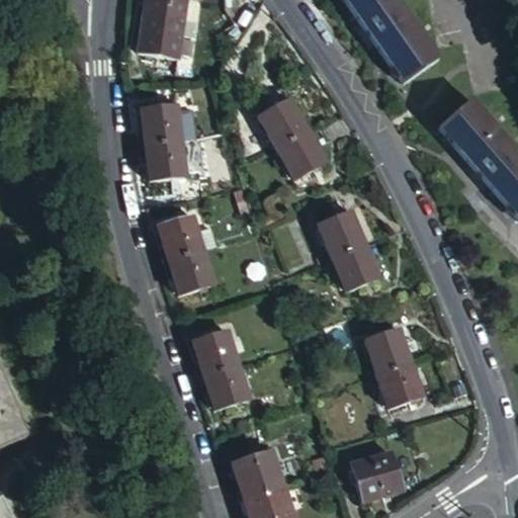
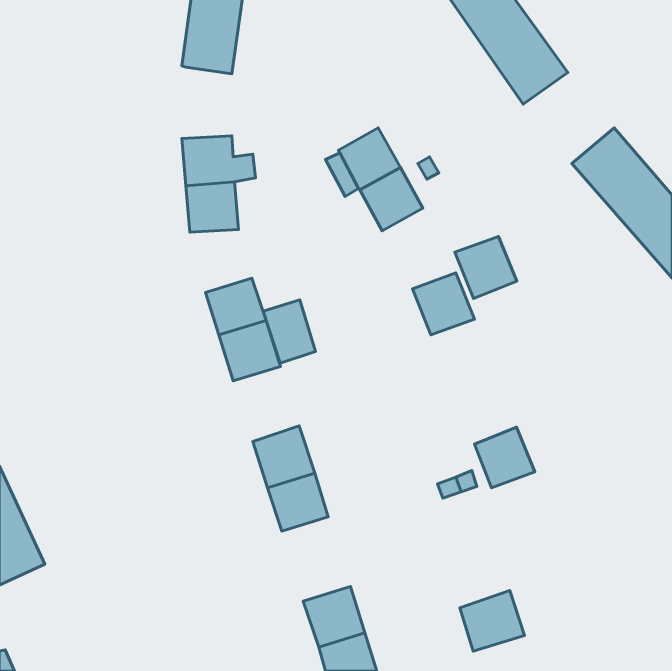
building: none -> [263,300,315,363]
building: [331,245,378,292] -> [455,236,517,298]
building: [377,362,424,409] -> none

